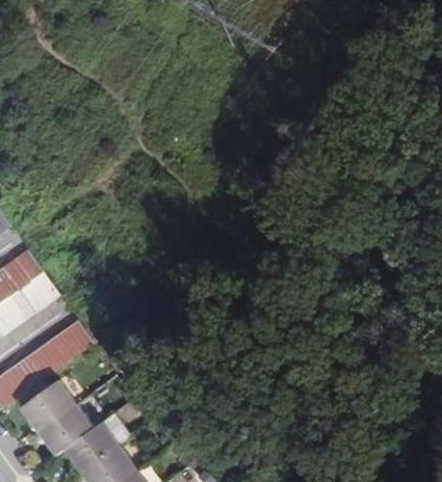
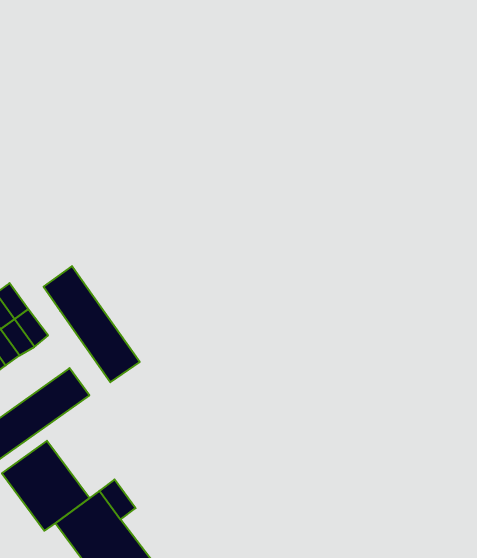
building: none -> [44,266,140,382]

